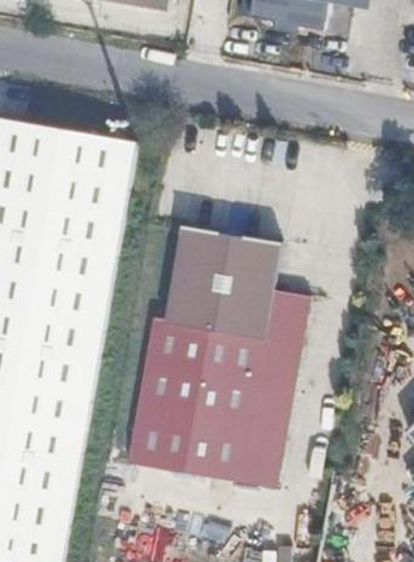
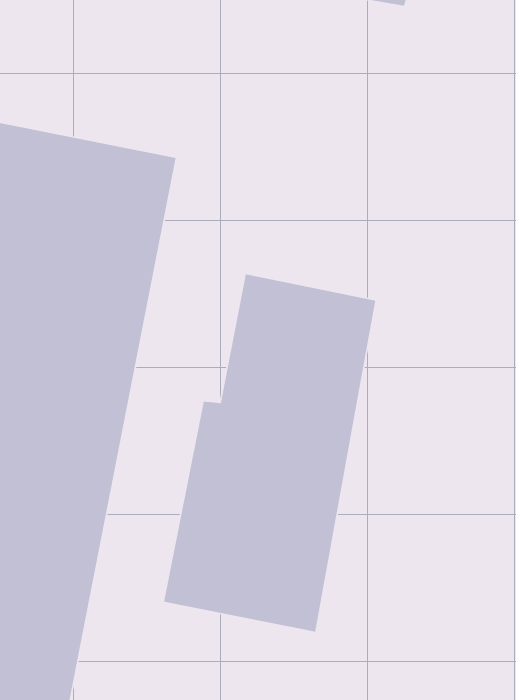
building: [237,291,309,490] -> none

